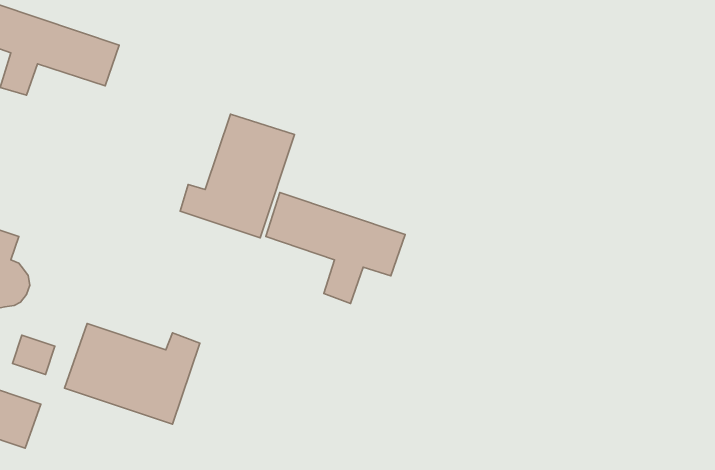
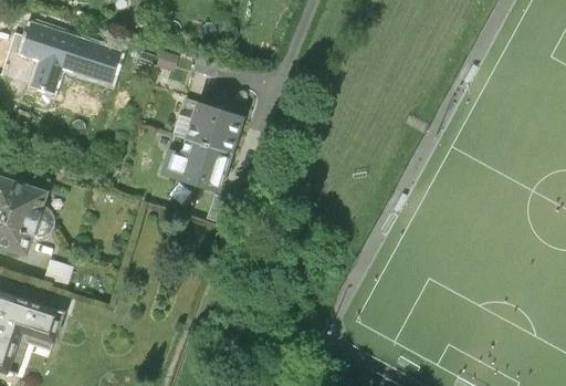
building: [266,193,405,304] -> none
building: [65,324,200,424] -> none

